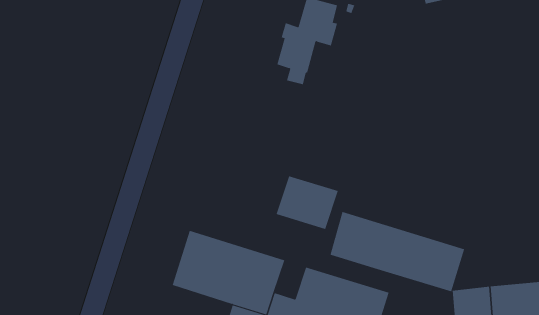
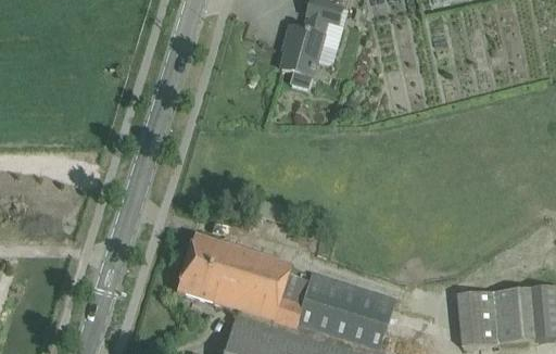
building: [276,175,339,230] -> none
building: [330,211,465,292] -> none

